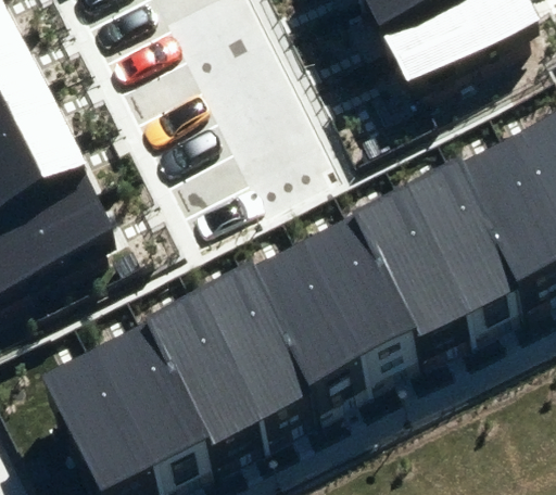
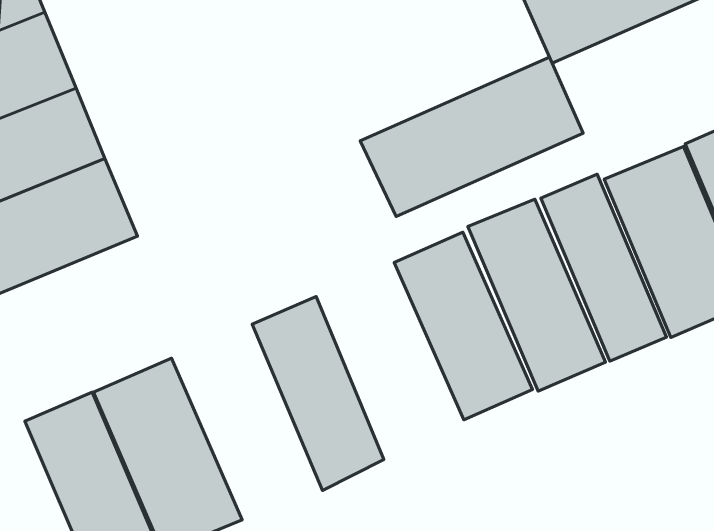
building: none -> [360,57,583,217]
building: [252,240,364,379] -> none
building: [149,293,264,436] -> none

